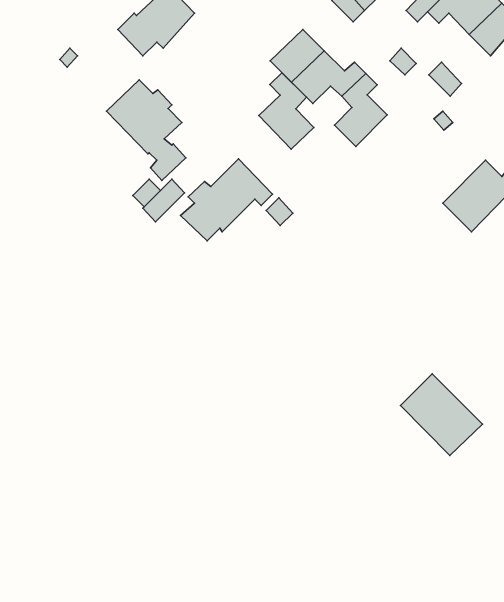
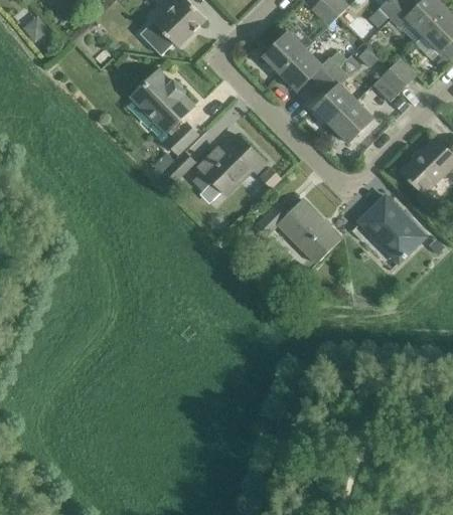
building: [259,73,314,149] -> none
building: none -> [371,68,406,103]
building: none -> [330,101,372,143]
building: none -> [254,200,339,264]
building: [401,374,483,456] -> [357,196,423,262]

